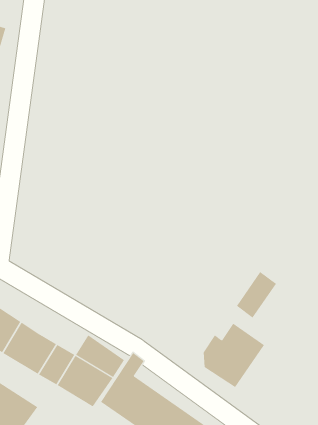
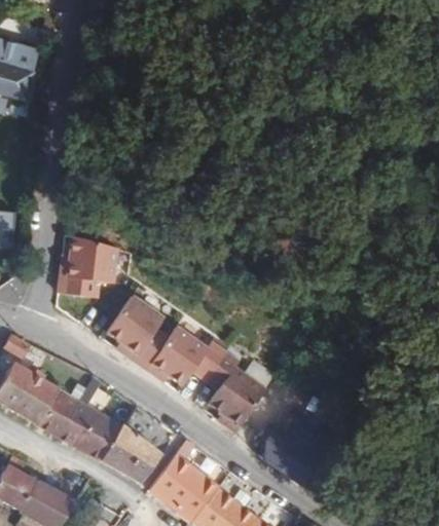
building: none -> [59,240,115,300]
building: none -> [107,296,262,428]
building: [236,271,277,319] -> none

